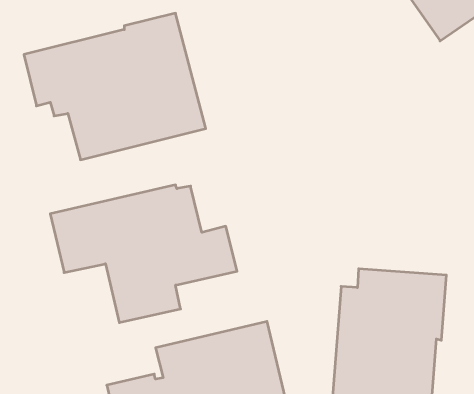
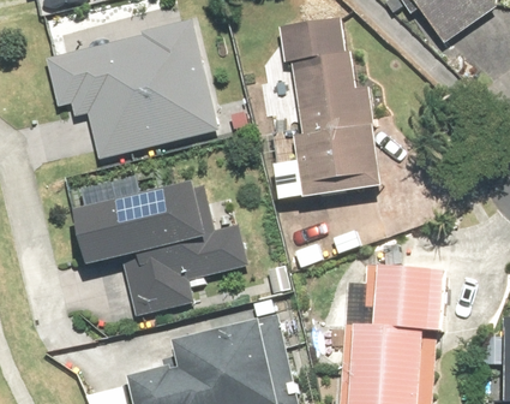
building: none -> [277,14,382,196]

